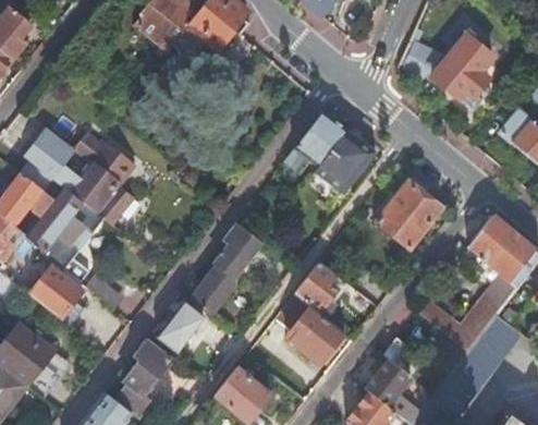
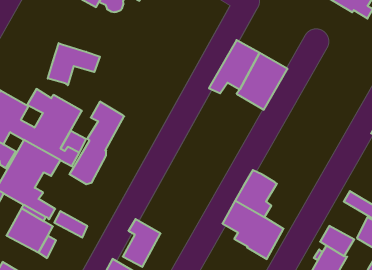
building: none -> [48,43,100,85]
building: [374,180,440,248] -> none
building: [189,222,261,314] -> [69,102,124,184]

